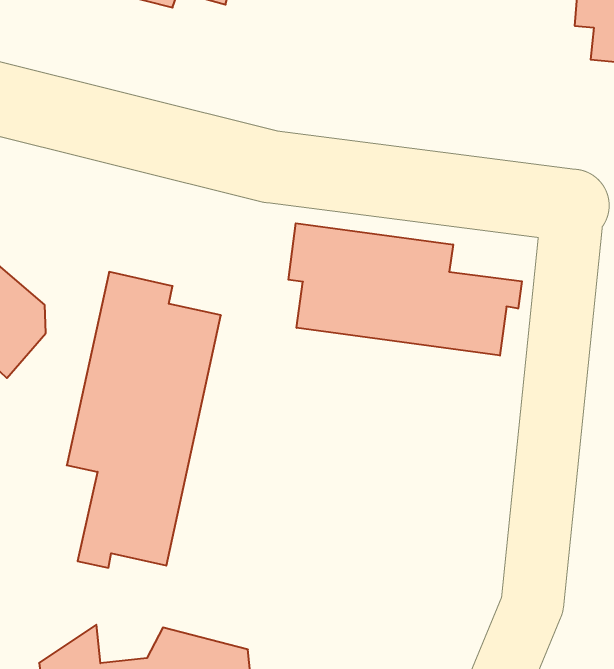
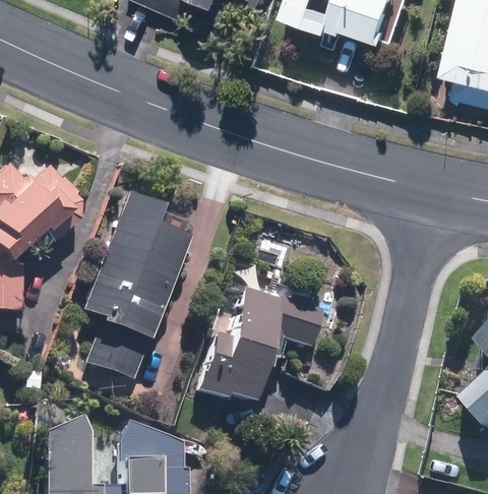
building: [288,223,522,356] -> none
building: none -> [197,279,325,402]

